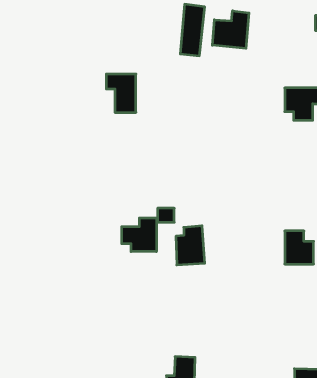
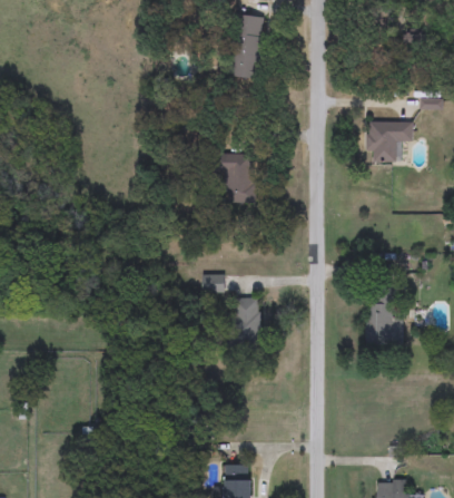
building: [212,11,249,48] -> none
building: [106,74,136,112] -> [215,154,253,203]
building: [122,218,156,252] -> none

